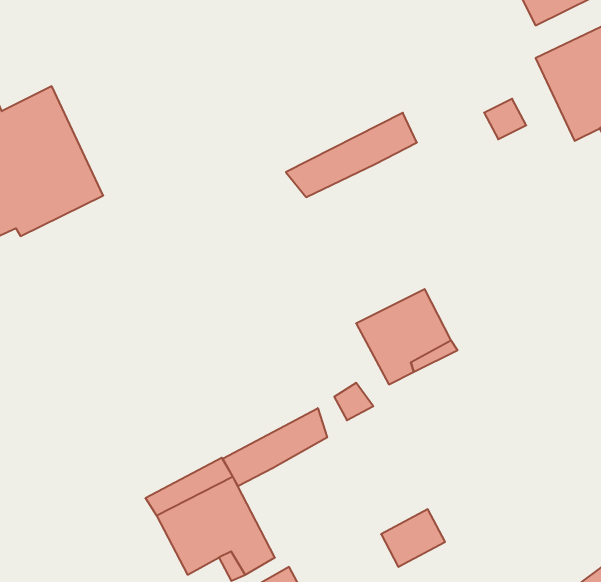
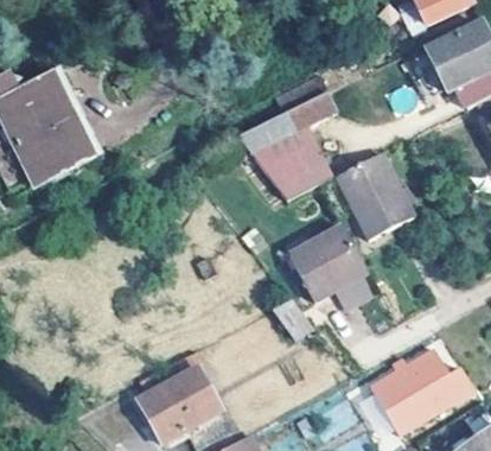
building: none -> [253,131,330,201]
building: none -> [342,148,421,237]
building: [223,408,327,486] -> none
building: none -> [369,349,464,436]

